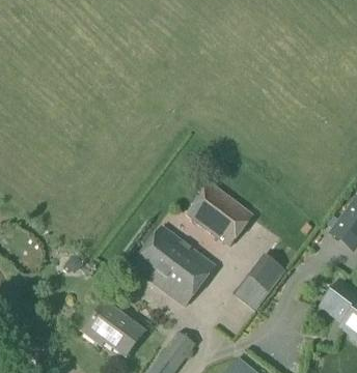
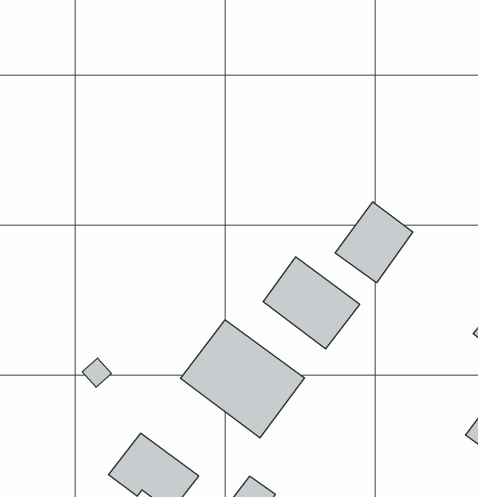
building: none -> [335,202,413,283]
building: [236,256,286,311] -> none

